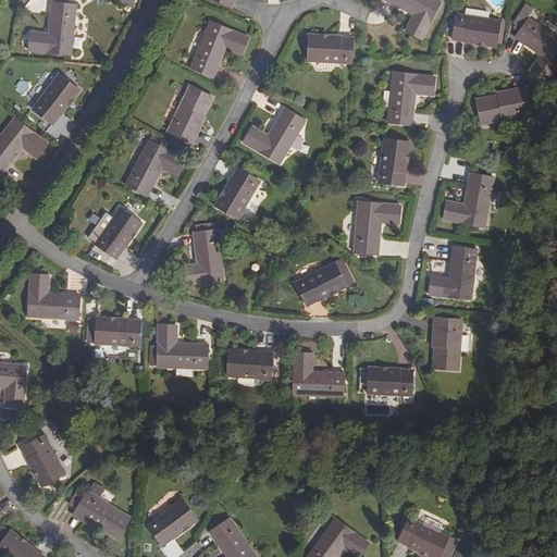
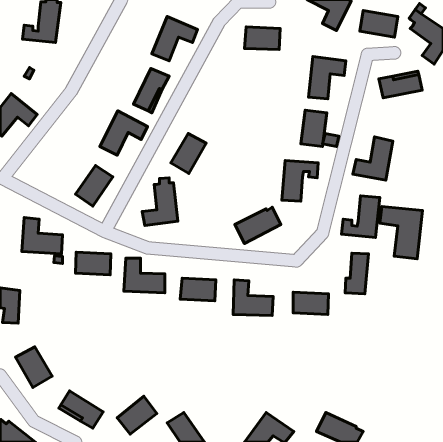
building: [33,74,79,123] -> none
building: [243,108,305,162] -> none
building: none -> [380,206,422,259]

